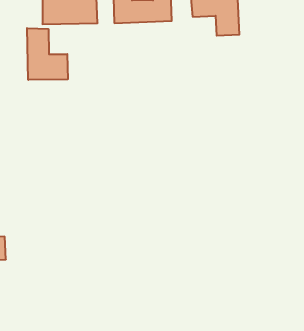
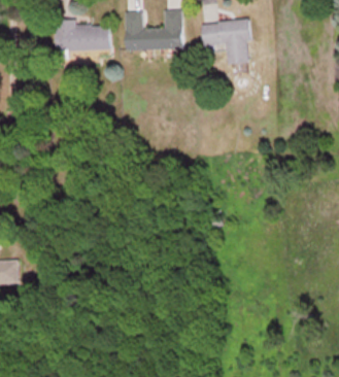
building: [27,28,68,80] -> none

